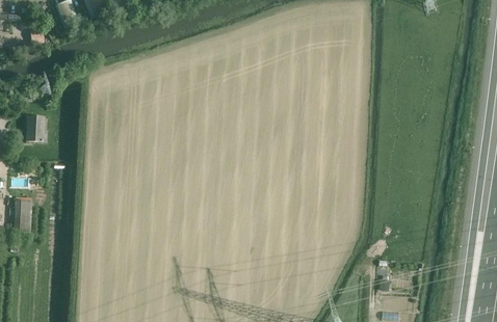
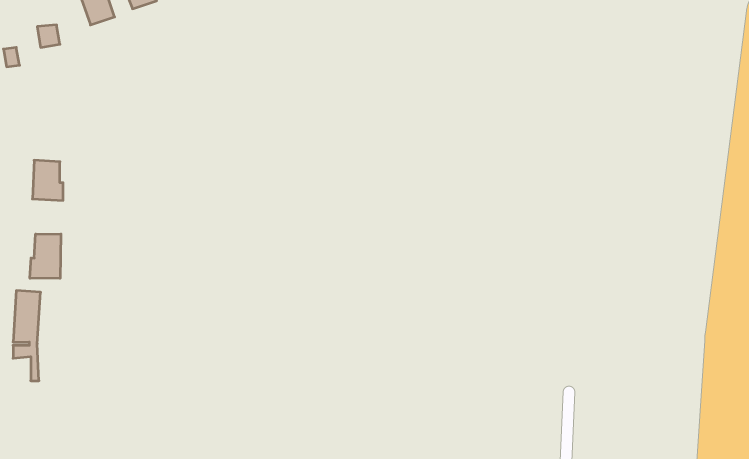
building: none -> [30,234,61,278]

